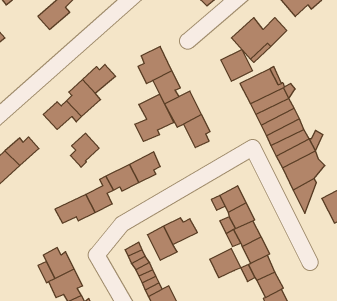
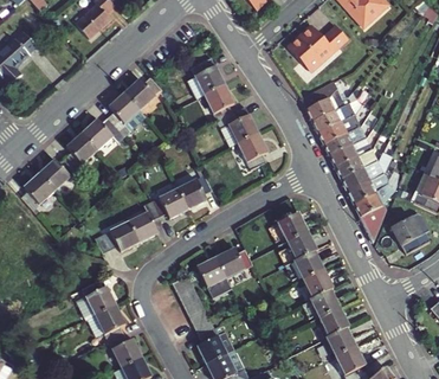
building: [221,49,252,81] -> none
building: [135,94,174,141] -> none
building: [70,133,99,167] -> [64,133,96,171]
building: [210,248,241,278] -> none

